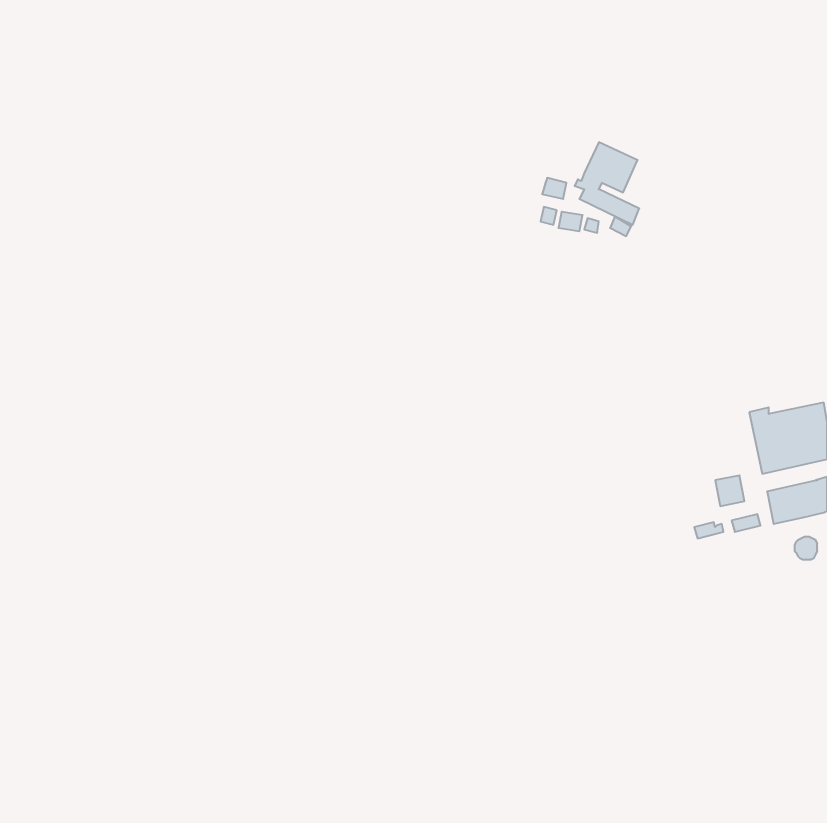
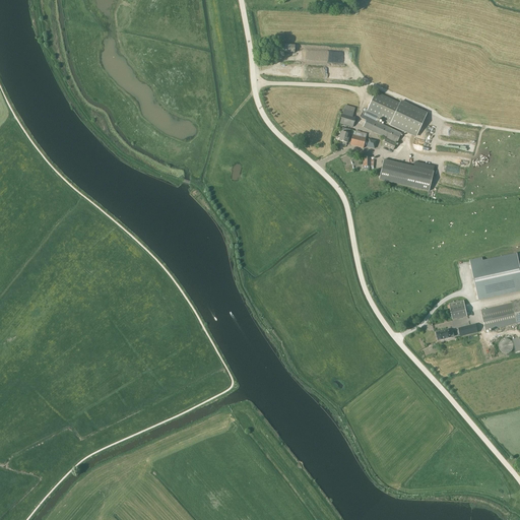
building: none -> [390,99,428,135]
building: none -> [379,157,434,189]

